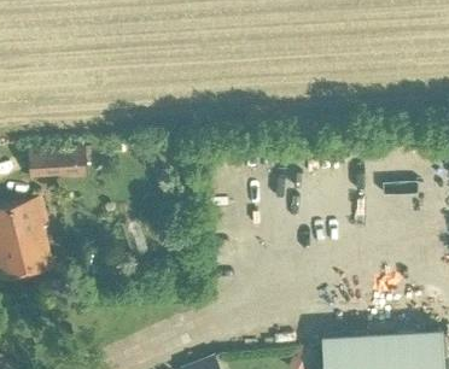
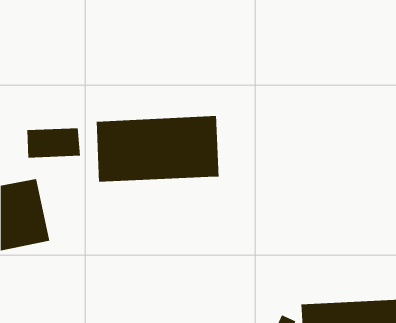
building: none -> [96,115,219,182]

